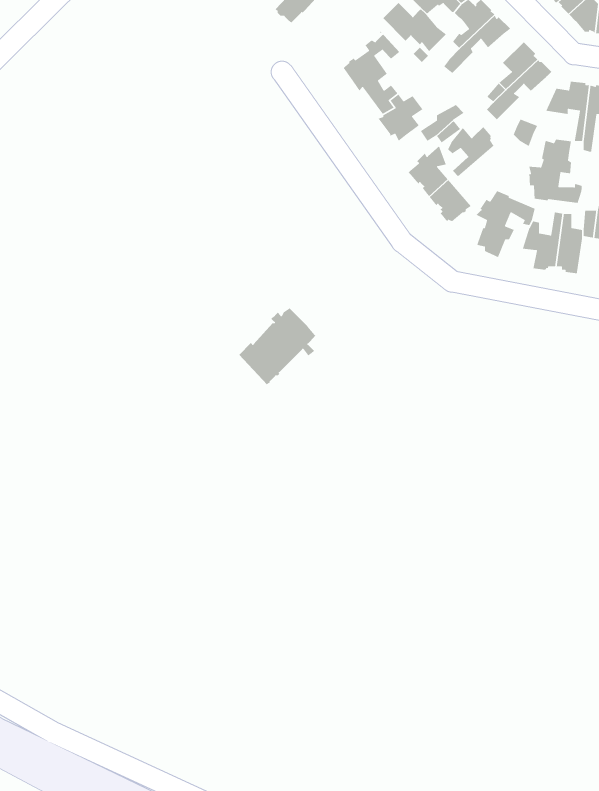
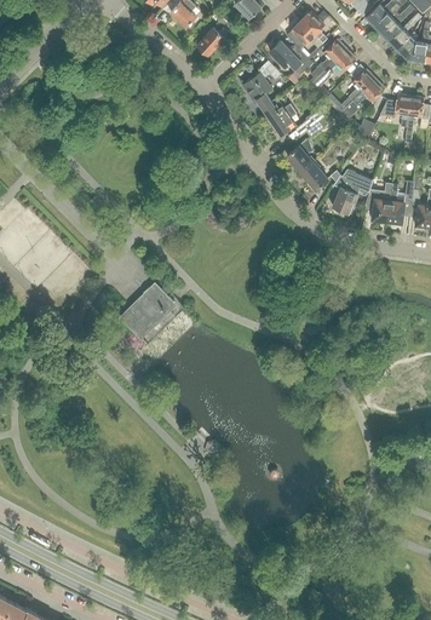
building: [447,126,495,177] -> none
building: [528,138,583,206] -> none
building: [238,306,317,385] -> [120,285,173,338]

